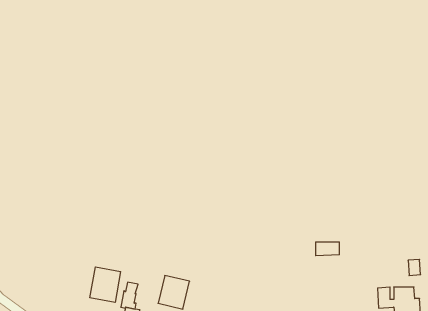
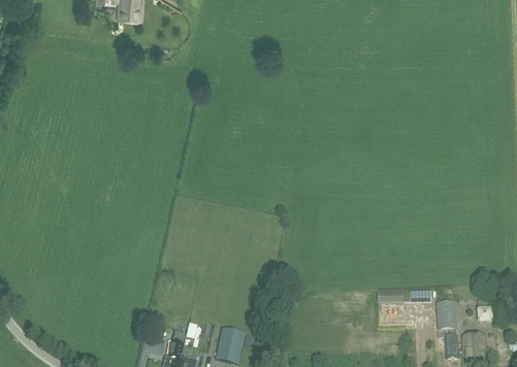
building: none -> [438,303,458,329]
building: [90,267,121,302] -> none

